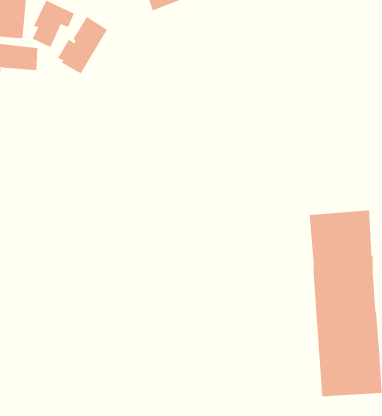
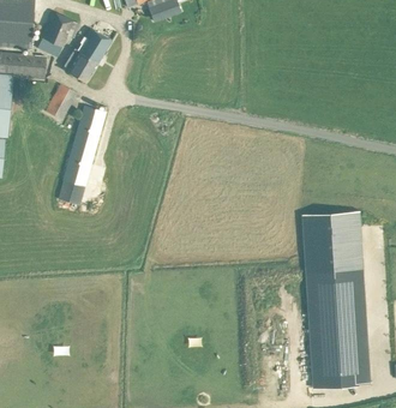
building: none -> [44,84,76,119]
building: none -> [56,106,104,204]

